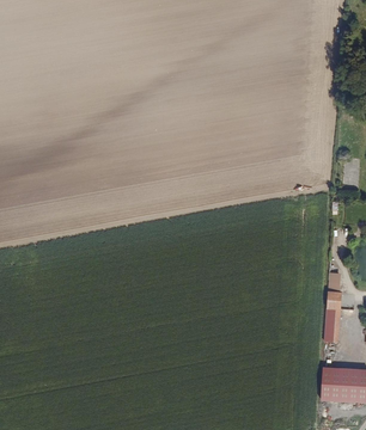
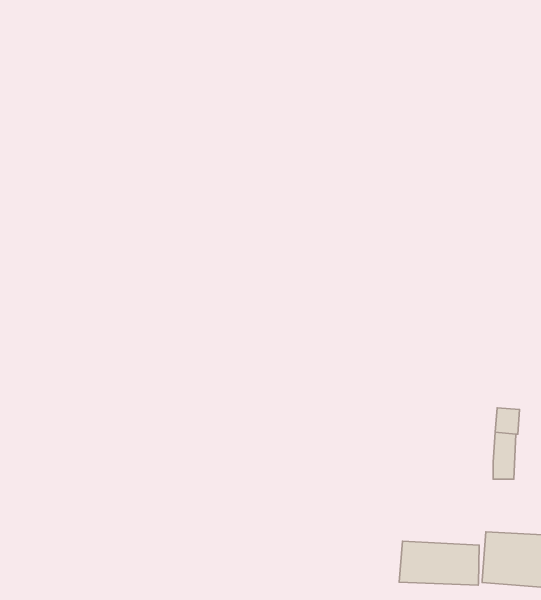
building: none -> [399,541,479,585]

